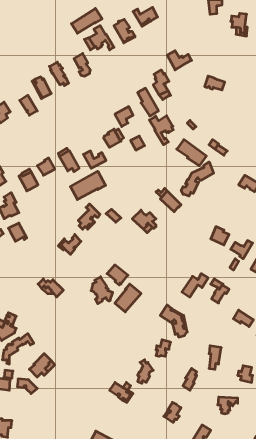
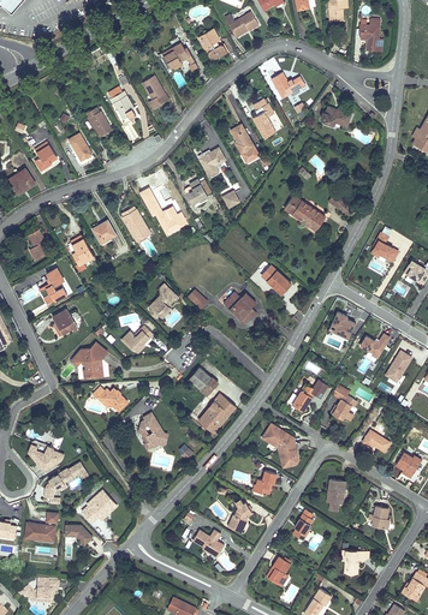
building: [71,8,102,33] -> none
building: [149,116,173,145] -> none
building: [181,162,214,196] -> none
building: [70,171,106,200] -> none
building: none -> [71,342,108,378]
building: [91,277,113,304] -> [138,413,168,450]

